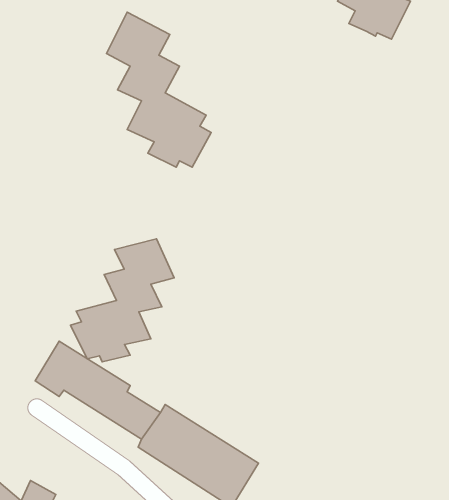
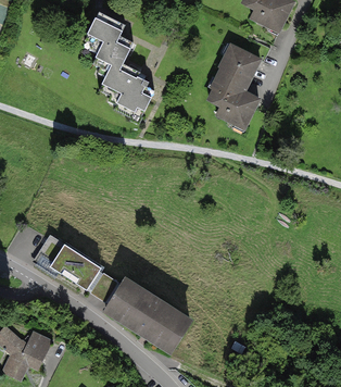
building: none -> [209,23,280,125]
building: [71,239,174,362] -> none

